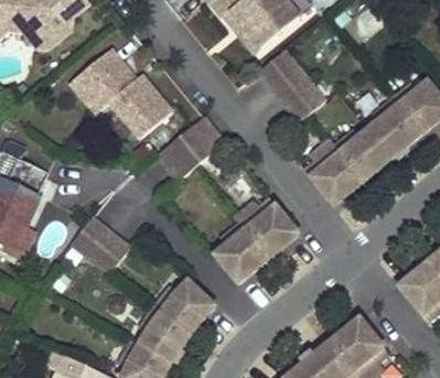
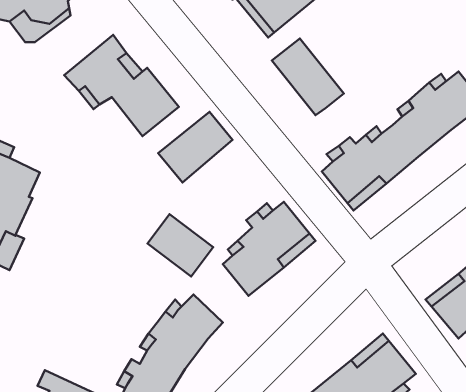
building: [67,219,127,276] -> [147,214,213,276]

